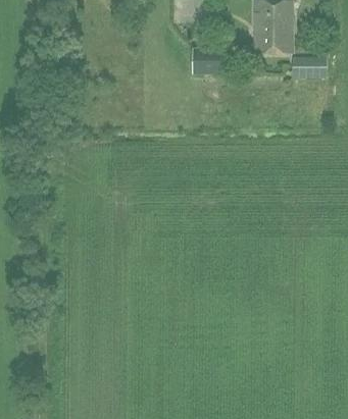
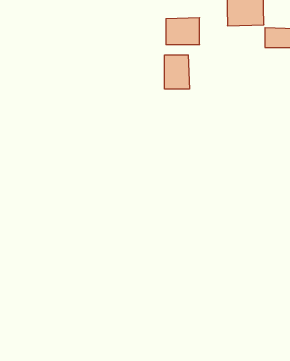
building: none -> [165,55,189,89]

